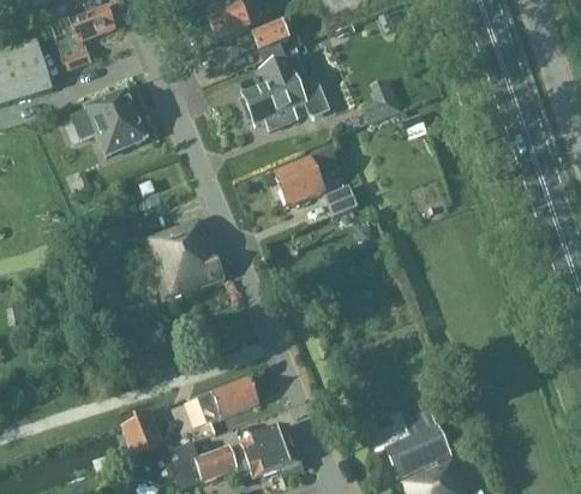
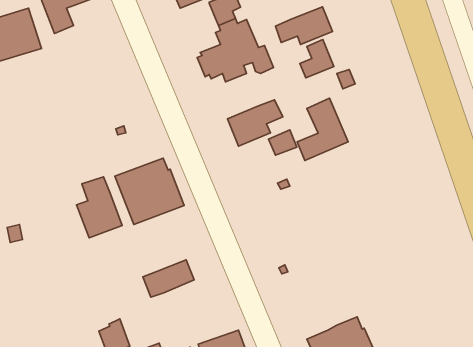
building: none -> [276,7,333,45]
building: [84,89,145,156] -> none
building: none -> [297,98,348,161]
building: none -> [77,177,122,238]
building: [196,379,257,423] -> [143,260,194,297]

